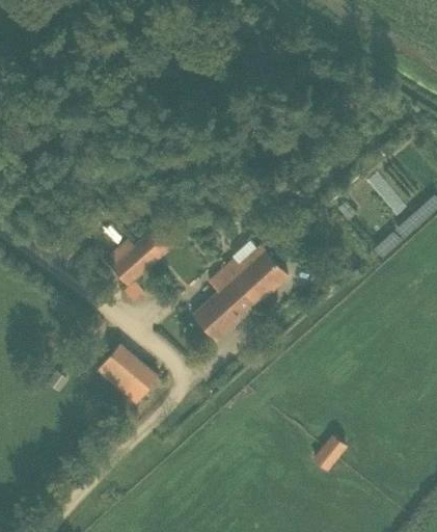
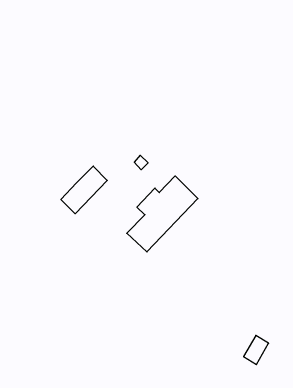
building: [93,342,157,403] -> none
building: [310,434,344,472] -> [244,335,269,365]

